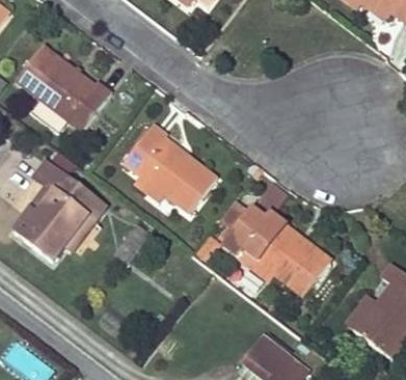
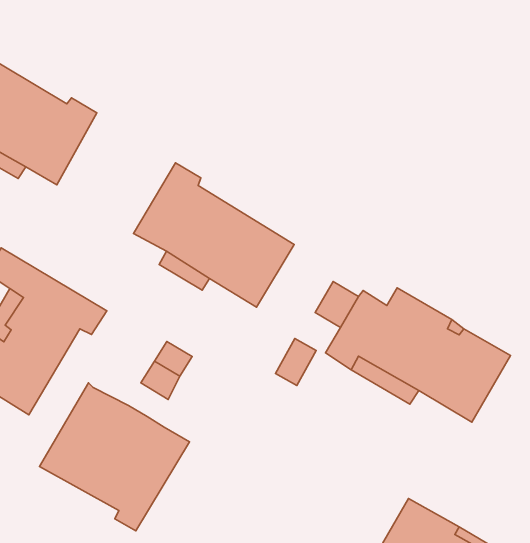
building: none -> [40,383,189,531]

